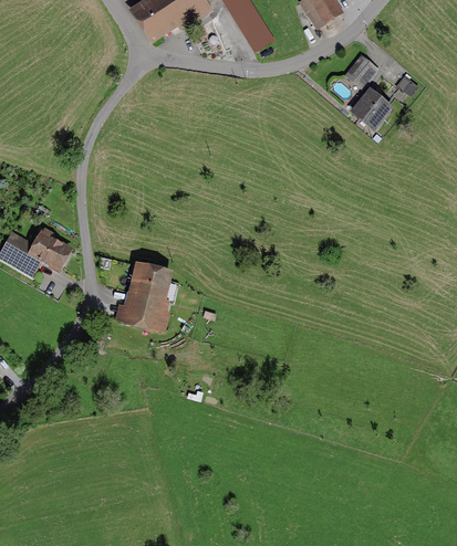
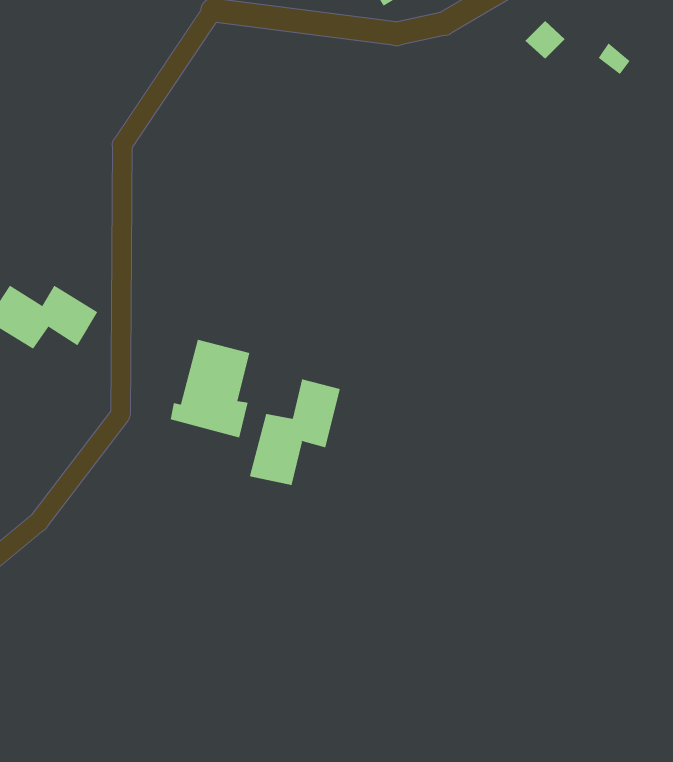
building: [352,93,387,126] -> none
building: none -> [249,378,340,486]

